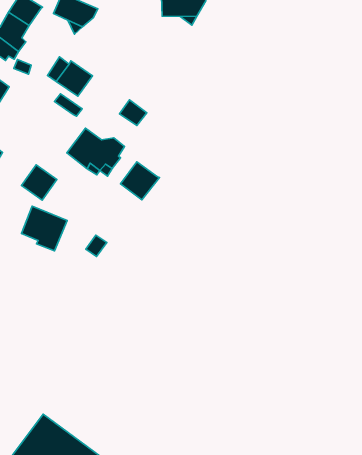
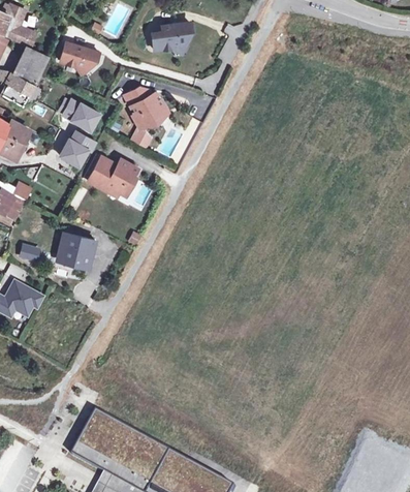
building: none -> [124,87,164,125]
building: [120,162,160,200] -> none
building: [22,165,57,200] -> [58,135,88,165]

